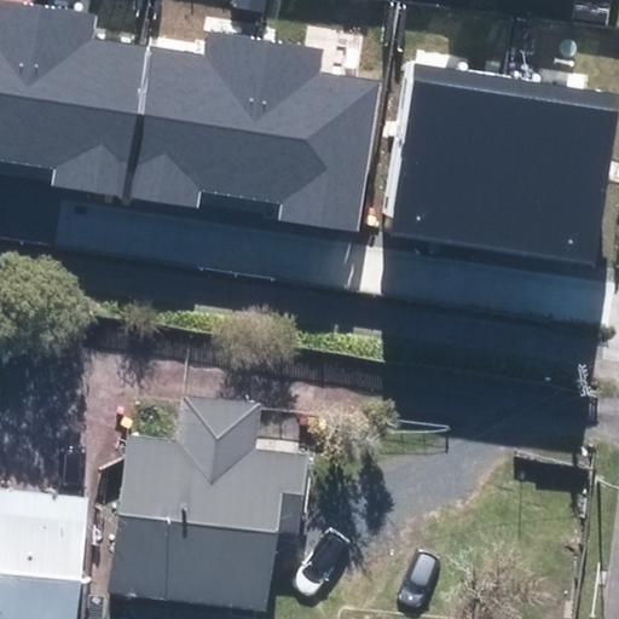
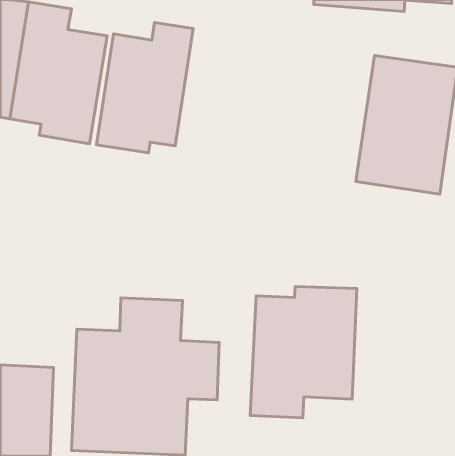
building: [239,39,382,230] -> none
building: [383,60,509,245] -> none
building: none -> [250,286,357,418]

